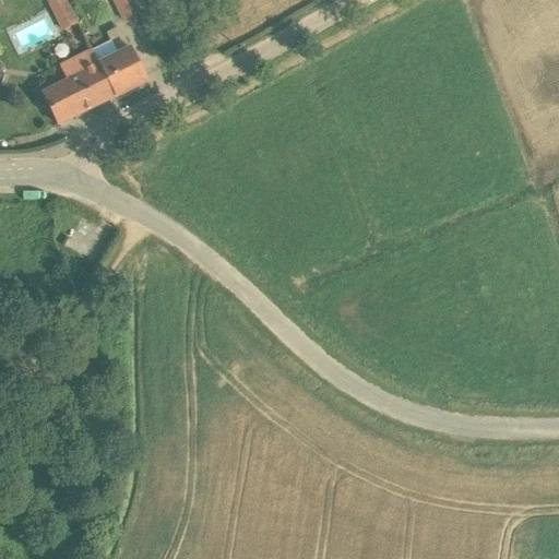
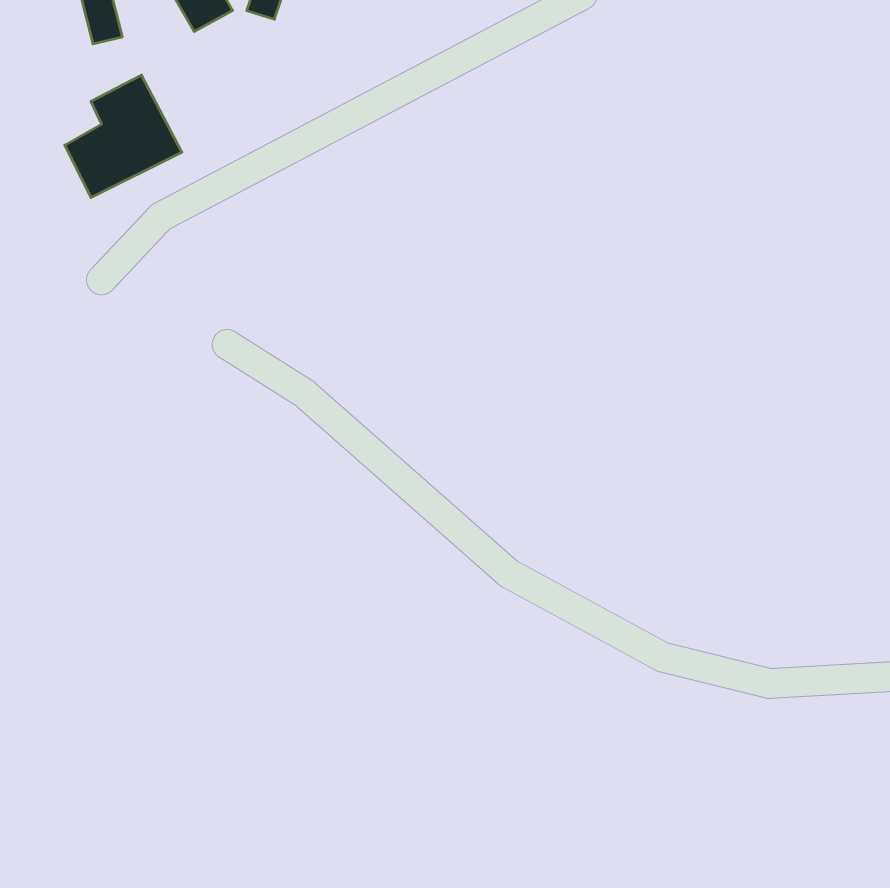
building: [93,26,147,95] -> none

